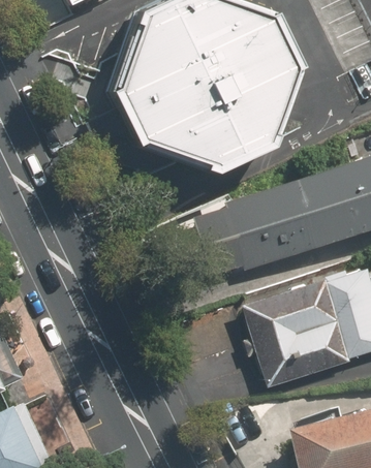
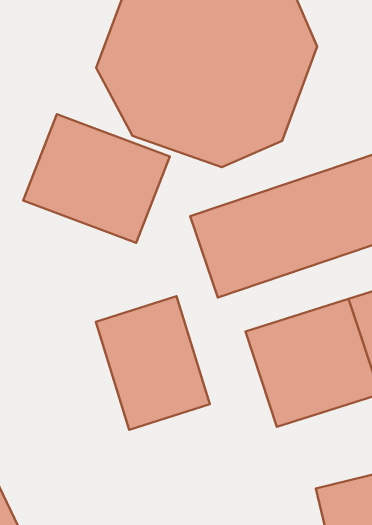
building: none -> [23,114,170,243]
building: none -> [96,296,210,430]

